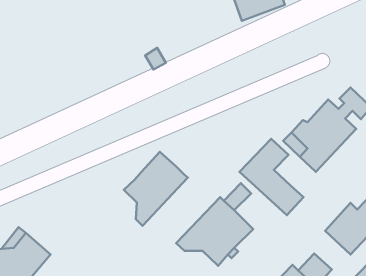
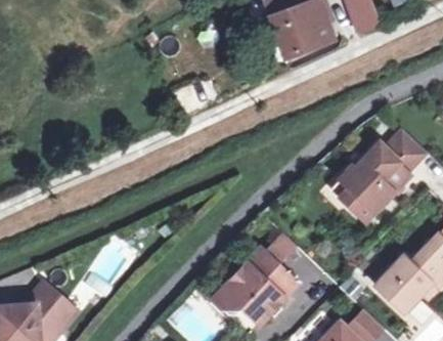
building: [240,139,304,215] -> none
building: [124,152,188,226] -> none

